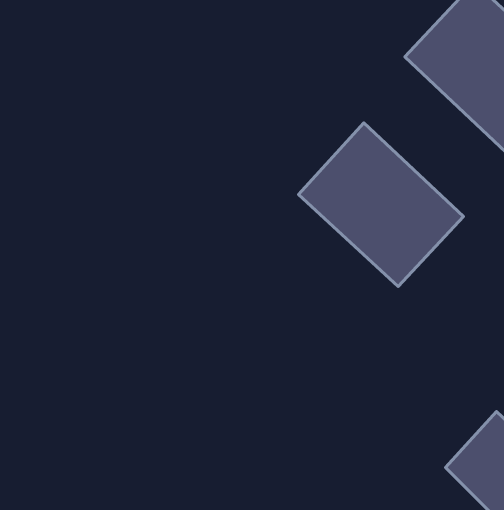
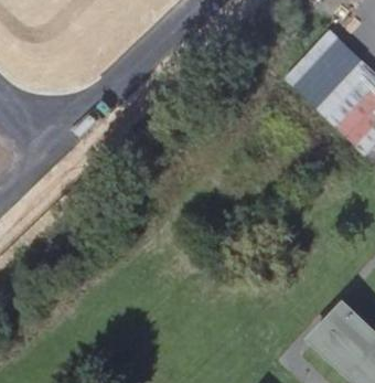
building: [298,123,464,286] -> none

